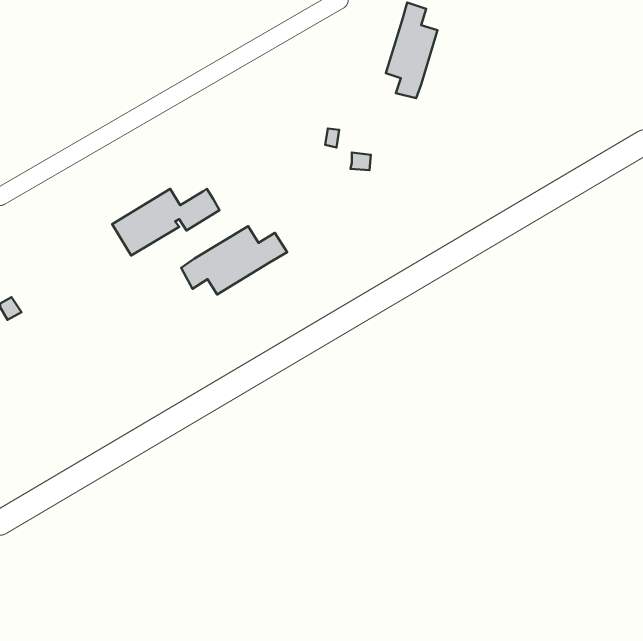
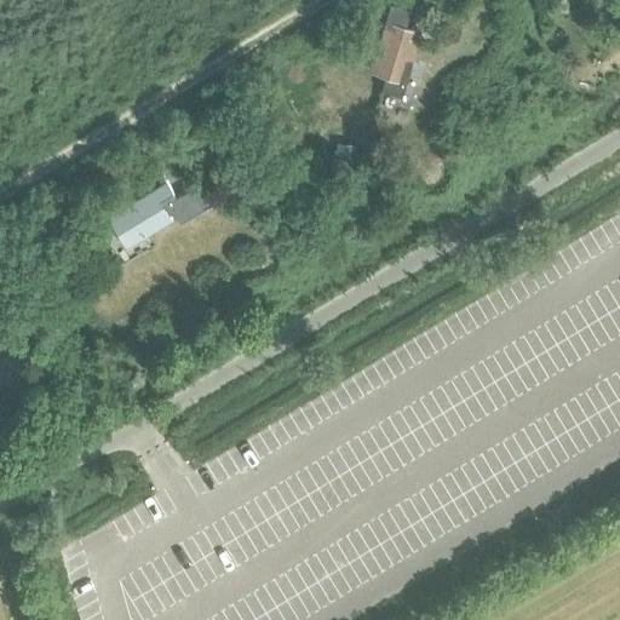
building: [181,226,287,295] -> none

